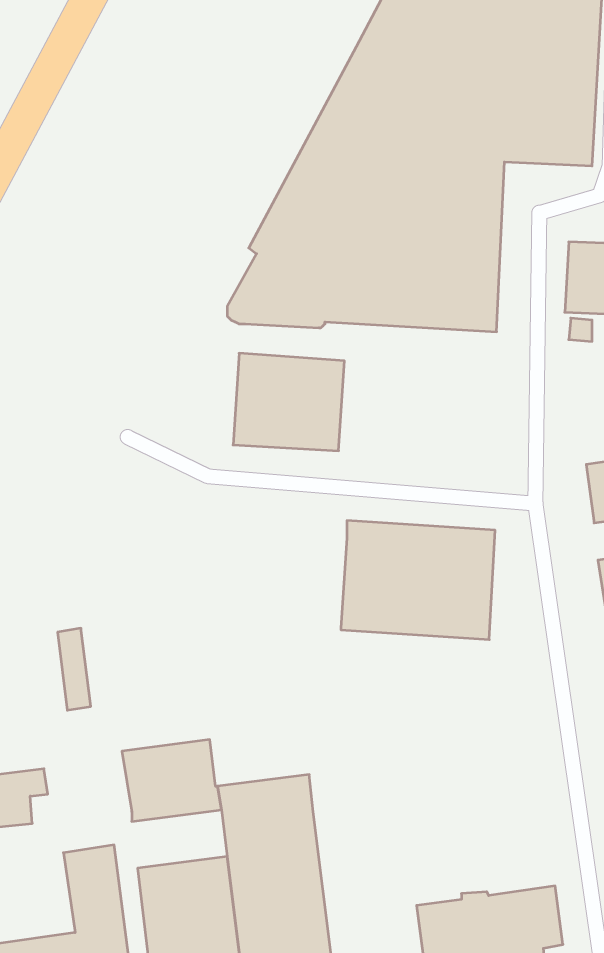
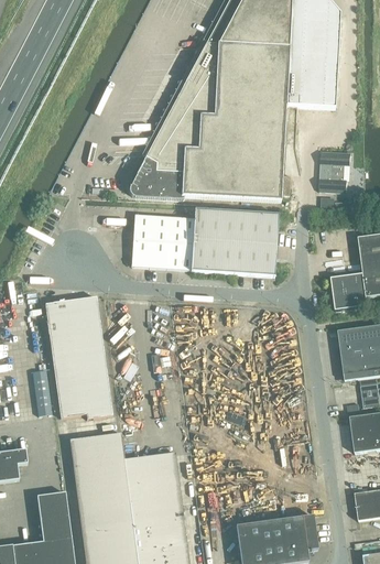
building: none -> [45,296,112,419]
building: [341,521,495,640] -> [192,208,279,275]
building: none -> [75,471,129,505]

